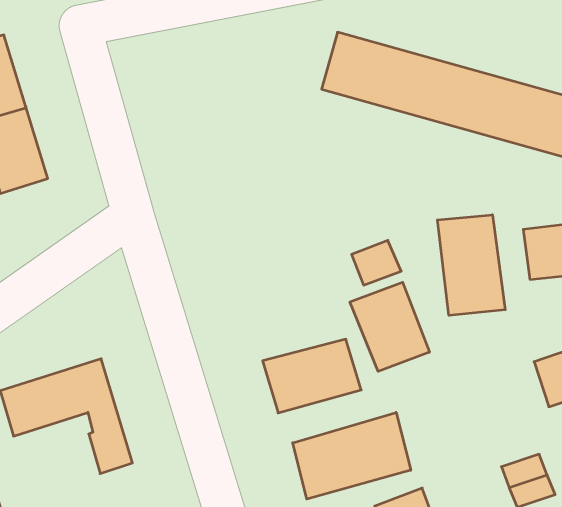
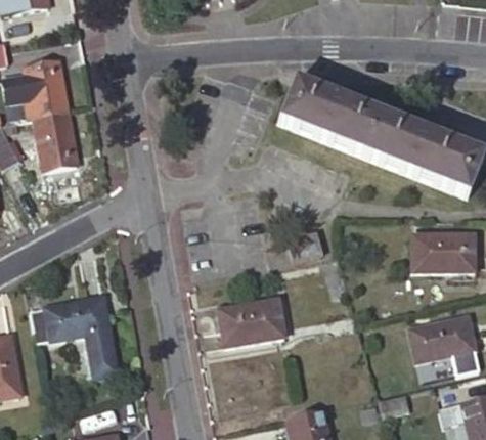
building: [437,215,505,315] -> none
building: [350,282,429,371] -> none
building: [293,412,411,499] -> none

